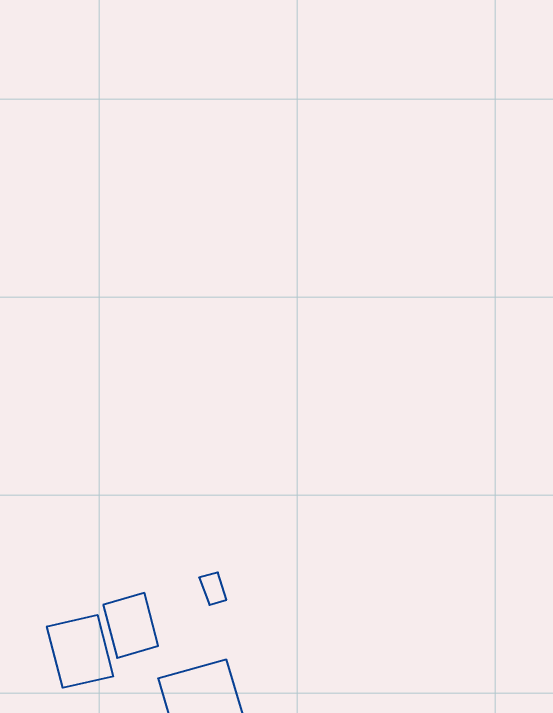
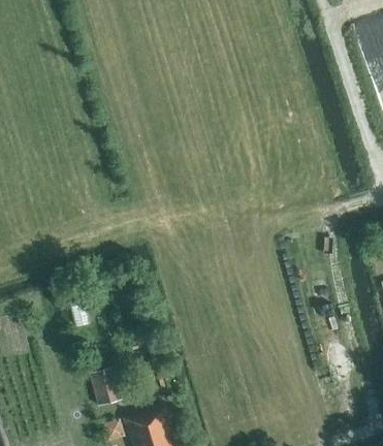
building: [47,615,113,688] -> none

